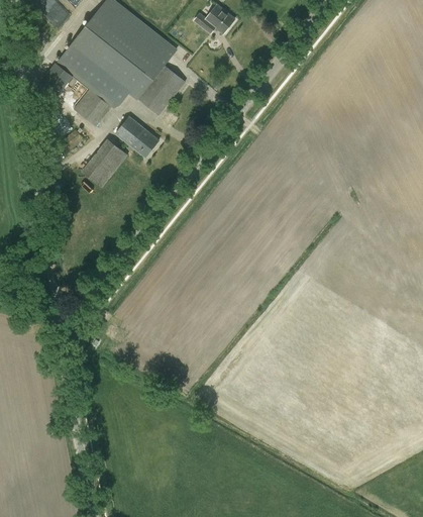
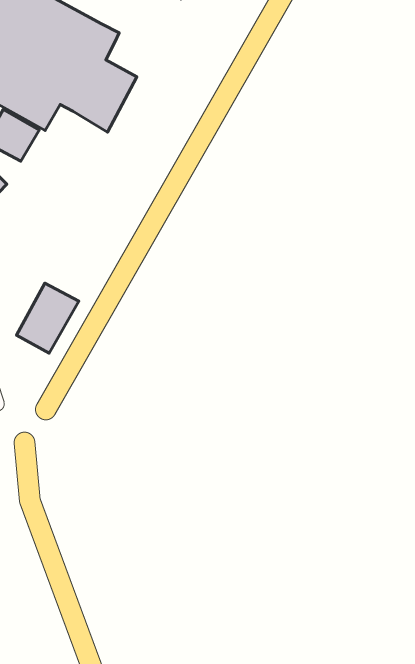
building: [115,117,157,157] -> none
building: [81,138,127,187] -> [17,283,79,353]

